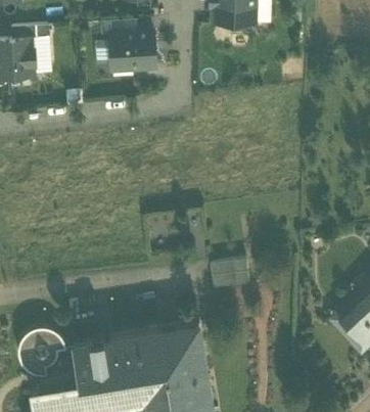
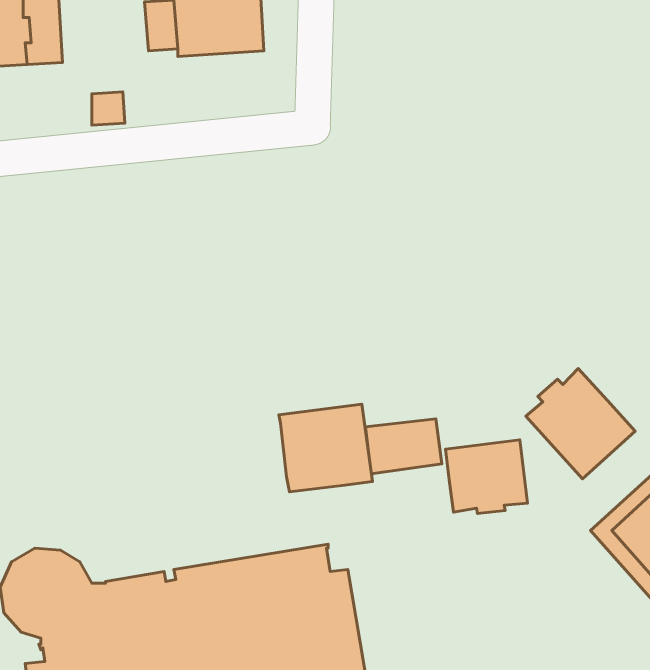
building: none -> [526,368,635,479]
building: none -> [279,404,372,492]
building: none -> [446,440,528,514]

